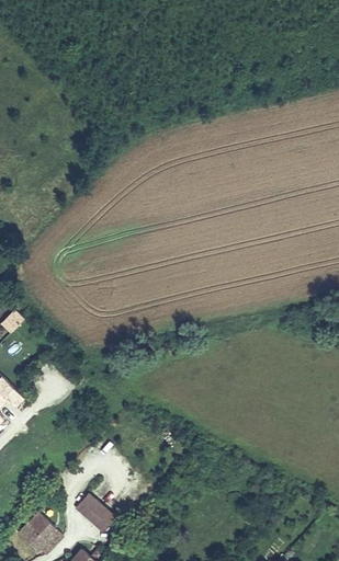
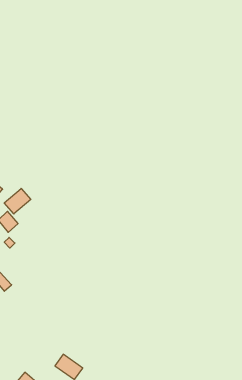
building: none -> [4,188,31,214]

